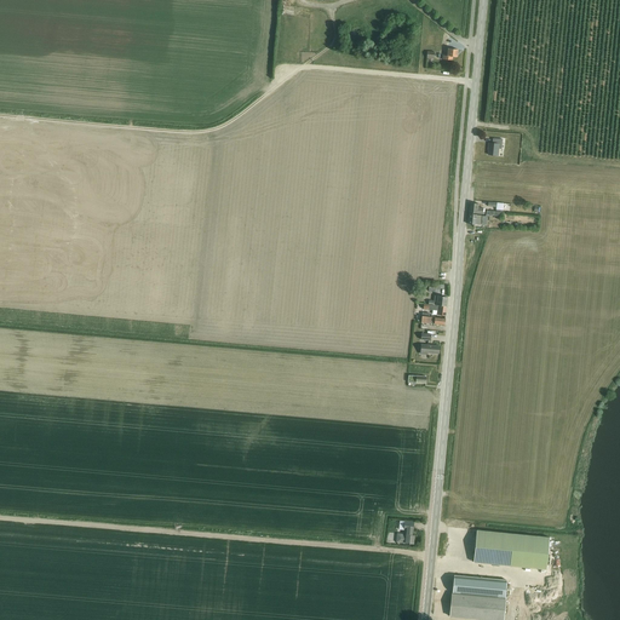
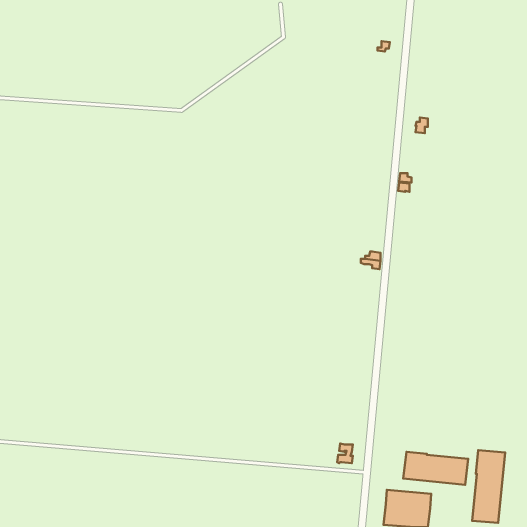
building: none -> [472,450,505,523]

